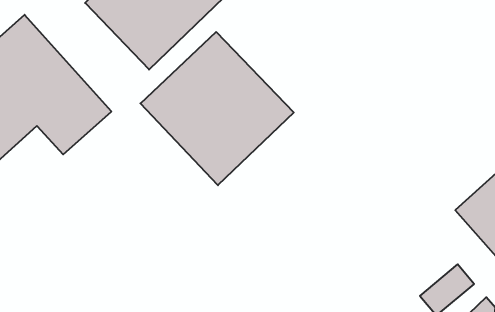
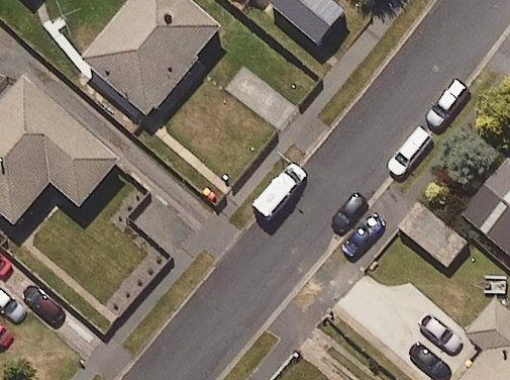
building: [140,32,294,185] -> none

